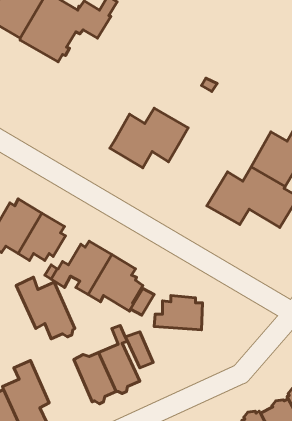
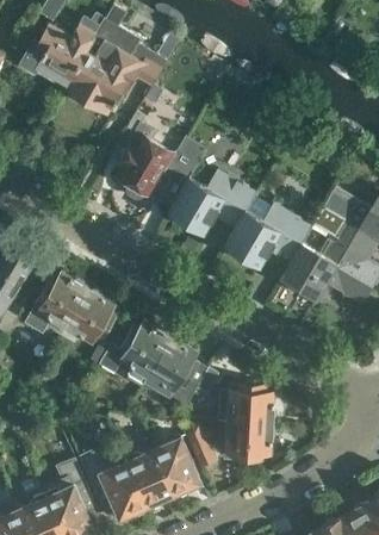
building: none -> [114,102,204,201]
building: none -> [223,200,312,268]
building: [16,277,75,339] -> [77,447,145,518]
building: none -> [216,419,272,461]

